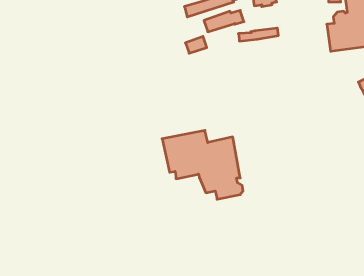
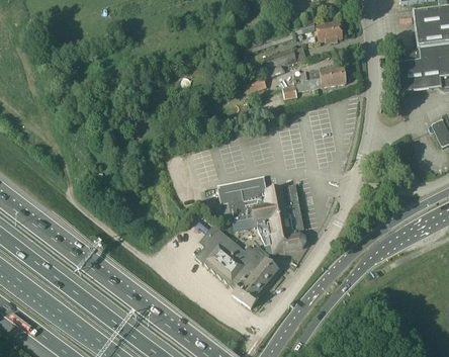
building: none -> [282,74,345,98]
building: none -> [195,225,283,307]

